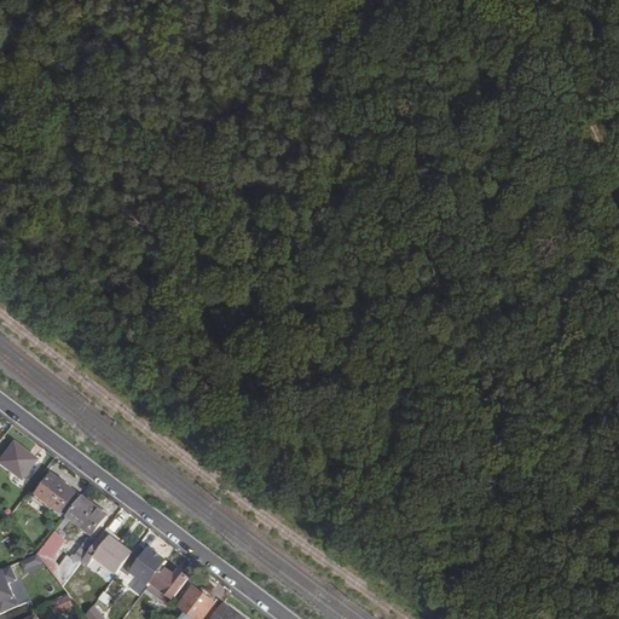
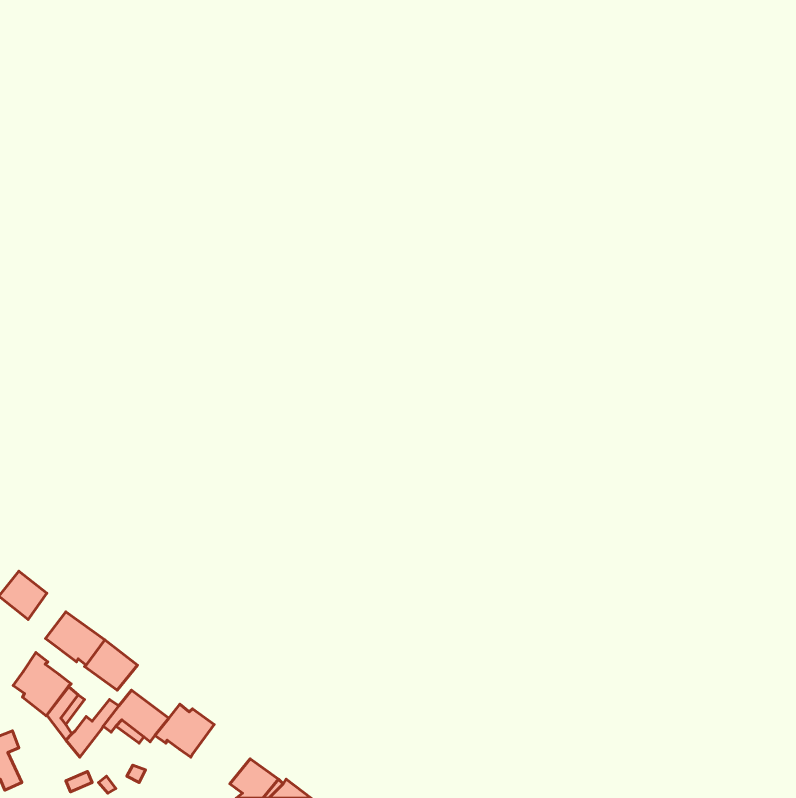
building: none -> [13,652,71,716]
building: [143,566,187,603] -> none

